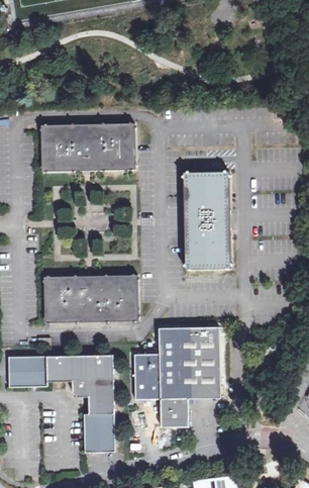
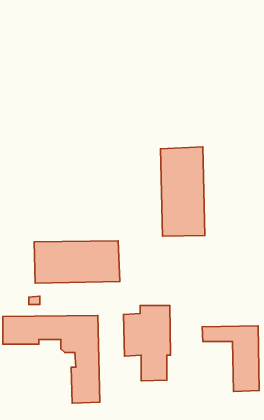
building: [40,121,134,170] -> none
building: [159,327,221,399] -> [202,326,259,391]

